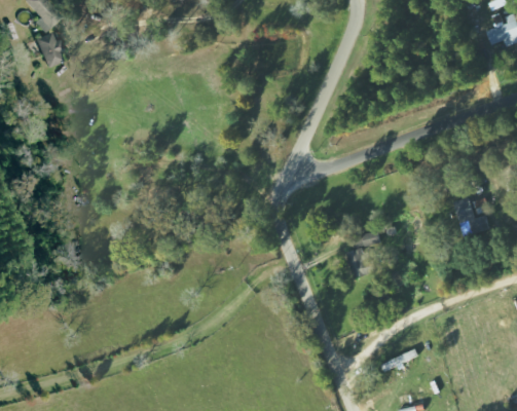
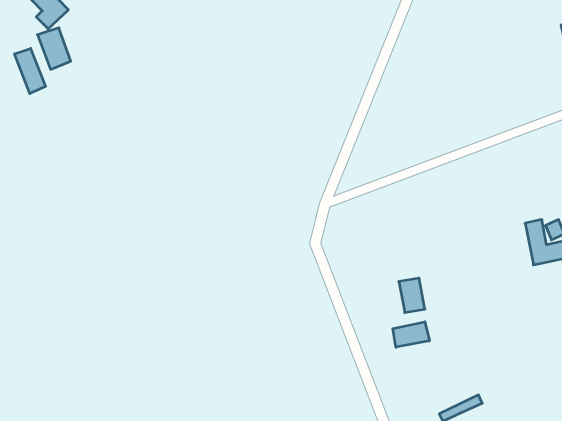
building: none -> [15,48,46,94]
building: none -> [393,322,429,347]

